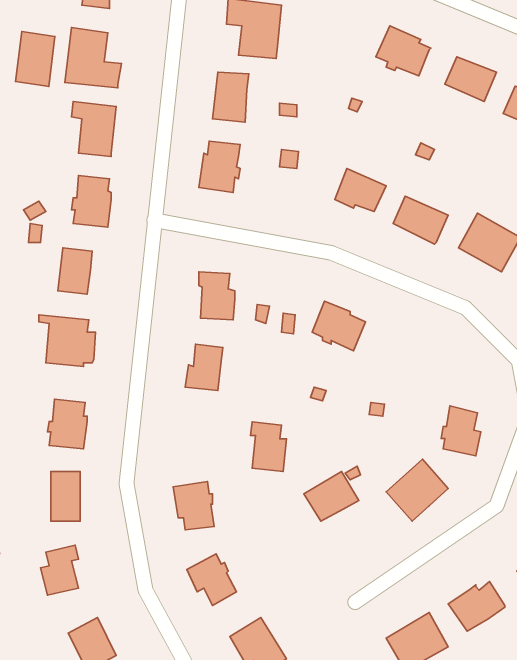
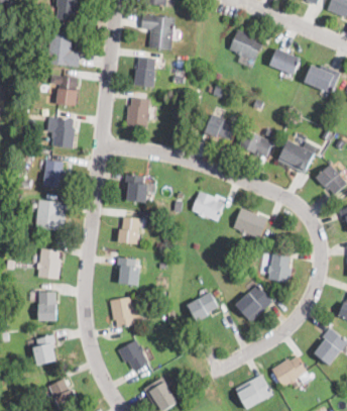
building: [15,31,55,86] -> none
building: none -> [233,208,266,238]
building: [250,422,287,472] -> [117,258,138,287]

